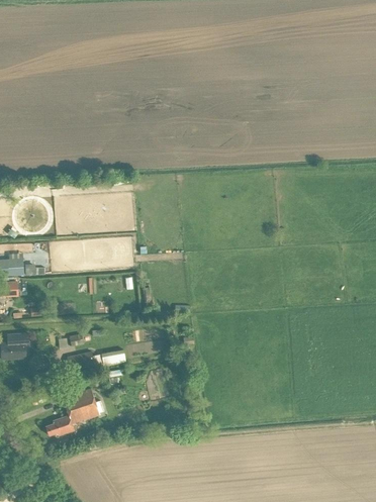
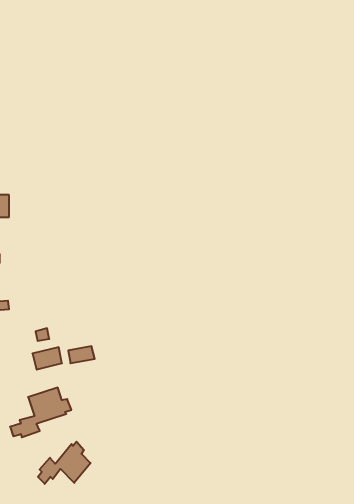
building: none -> [38,442,91,484]

